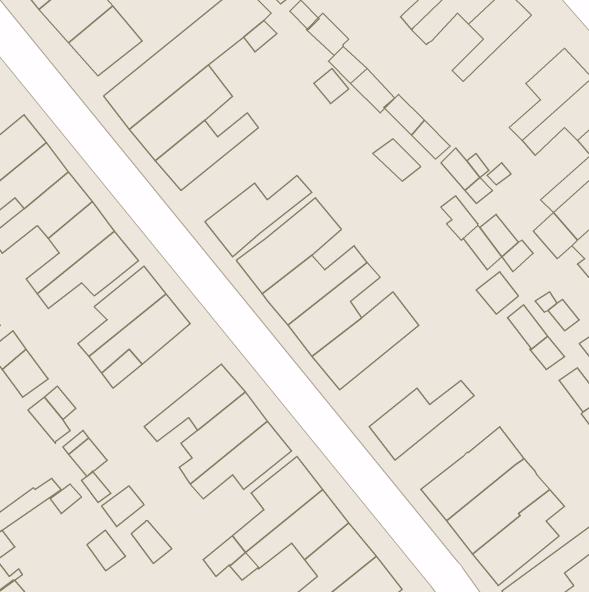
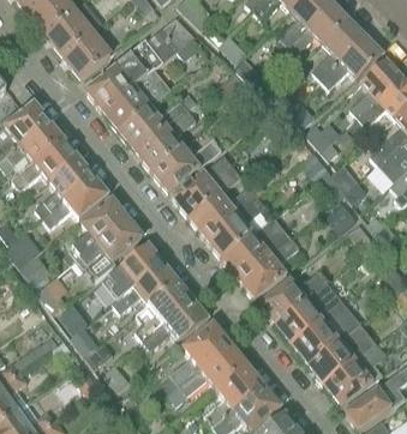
building: none -> [319,36,382,89]
building: none -> [136,109,194,170]
building: none -> [239,237,298,299]
building: none -> [102,243,162,300]
building: none -> [275,283,343,344]

